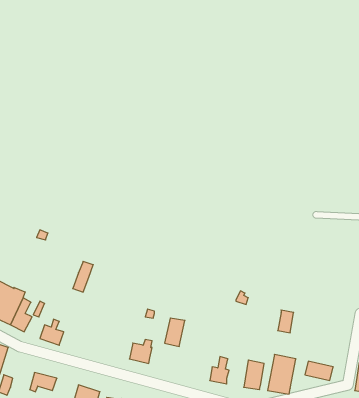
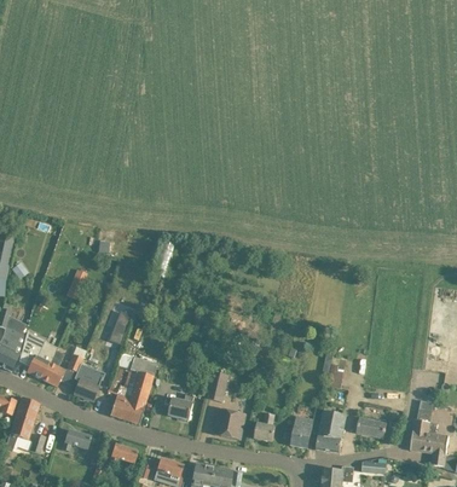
building: none -> [109,353,156,423]
building: none -> [213,407,245,439]

